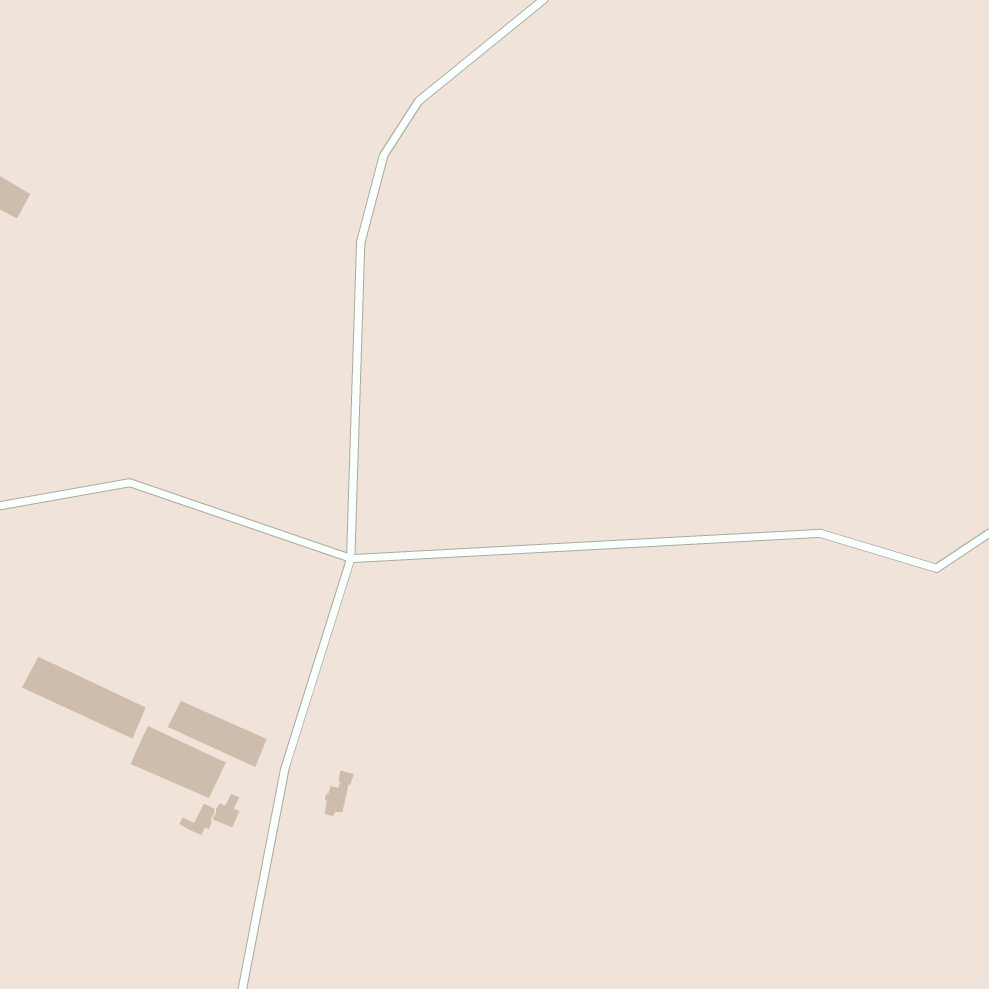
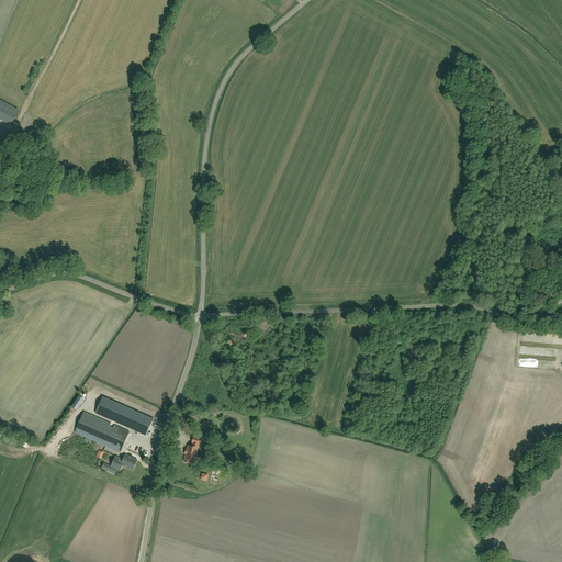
building: [21,656,146,739] -> none

